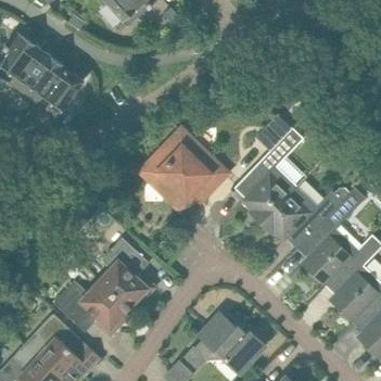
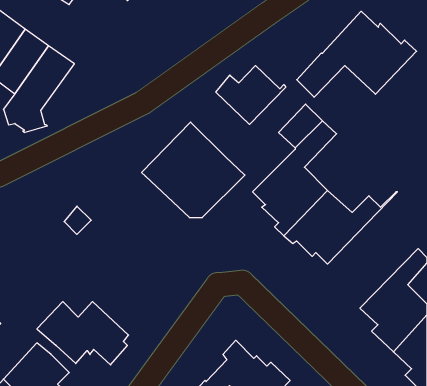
building: none -> [297,11,417,97]
building: none -> [216,66,286,124]
building: [296,187,372,284] -> none
building: [99,237,152,307] -> none

